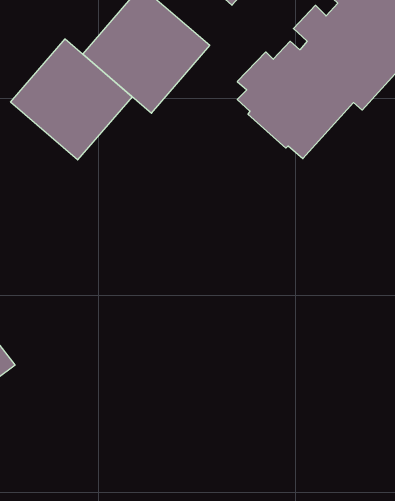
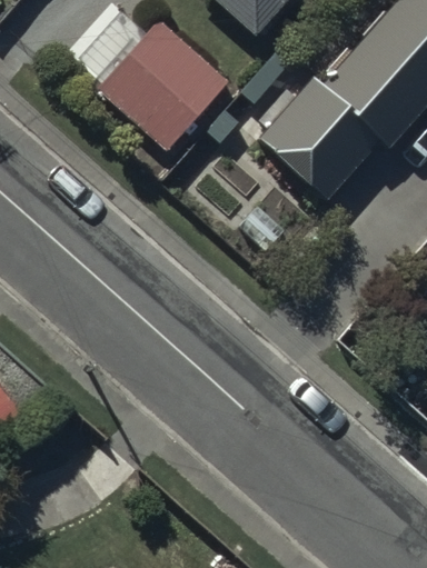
building: [11,39,132,160] -> none

